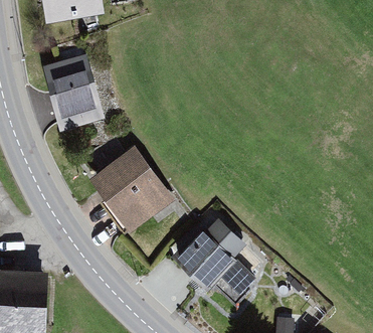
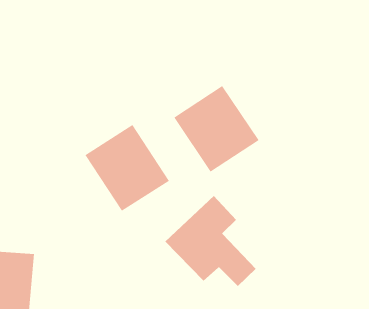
building: [45,63,102,132] -> none
building: none -> [173,85,259,173]

